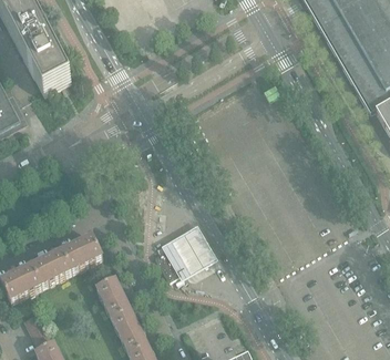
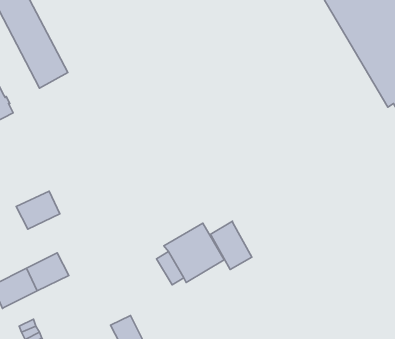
building: none -> [210,221,252,270]
building: [62,233,103,268] -> [16,191,60,229]
building: [98,275,131,315] -> none

